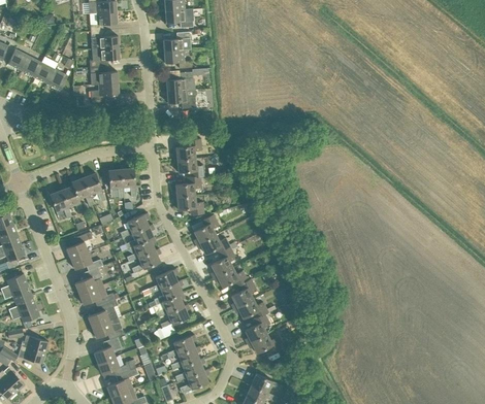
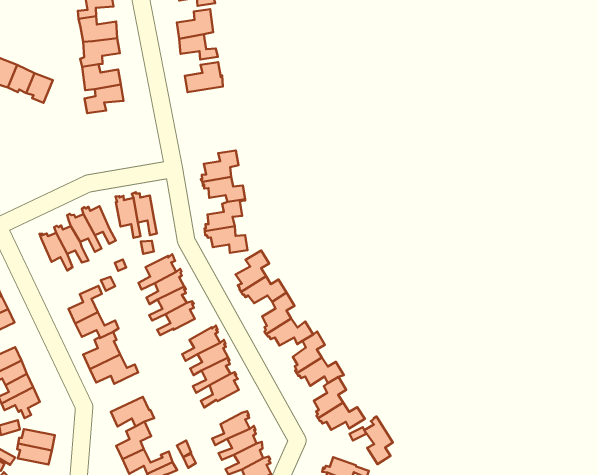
building: [167,90,196,108] -> none
building: [88,299,118,327] -> none
building: none -> [364,417,393,464]

